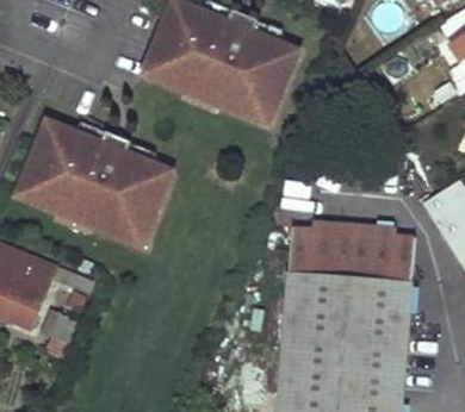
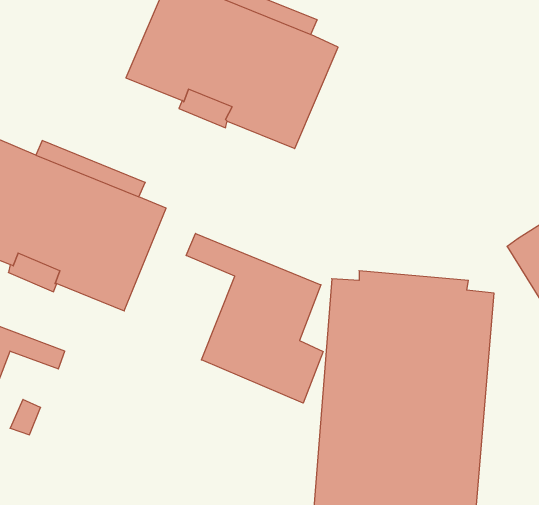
building: none -> [186,233,323,403]

